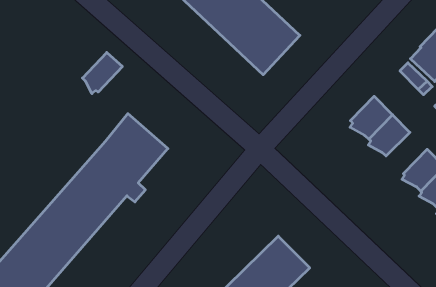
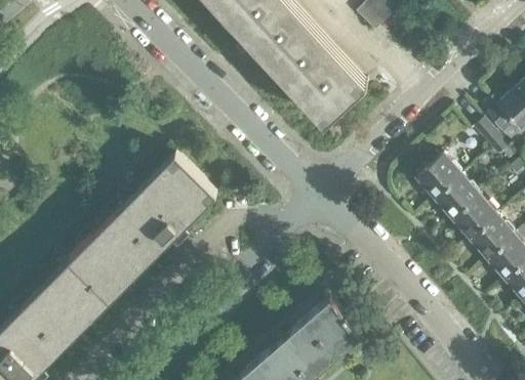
building: [82,52,122,94] -> none
building: none -> [450,196,497,240]

